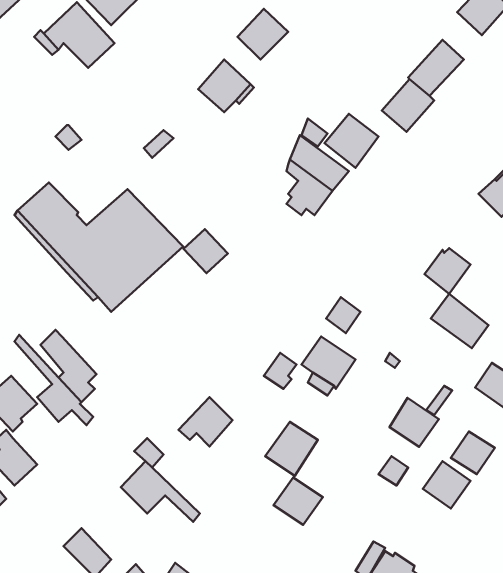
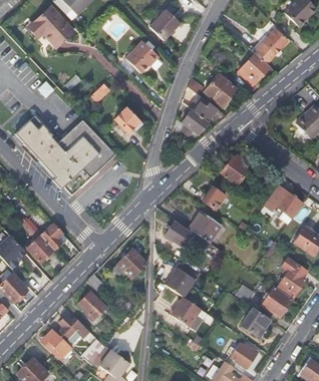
building: [183,229,228,273] -> [113,106,140,133]
building: [424,248,470,294] -> [223,155,251,183]
building: [390,398,439,447] -> [242,307,272,337]
building: none -> [60,315,92,342]

